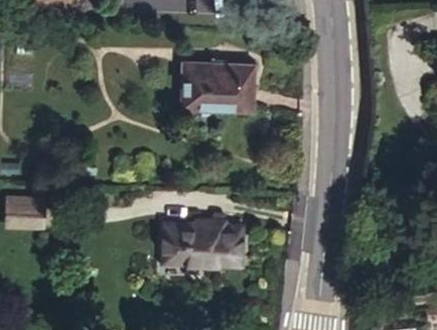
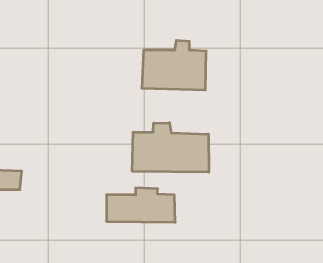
building: none -> [132,123,209,172]

